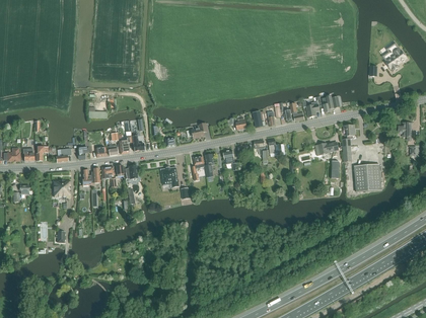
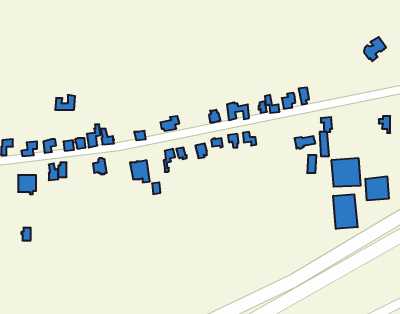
building: none -> [365,176,389,200]
building: none -> [333,194,358,229]

